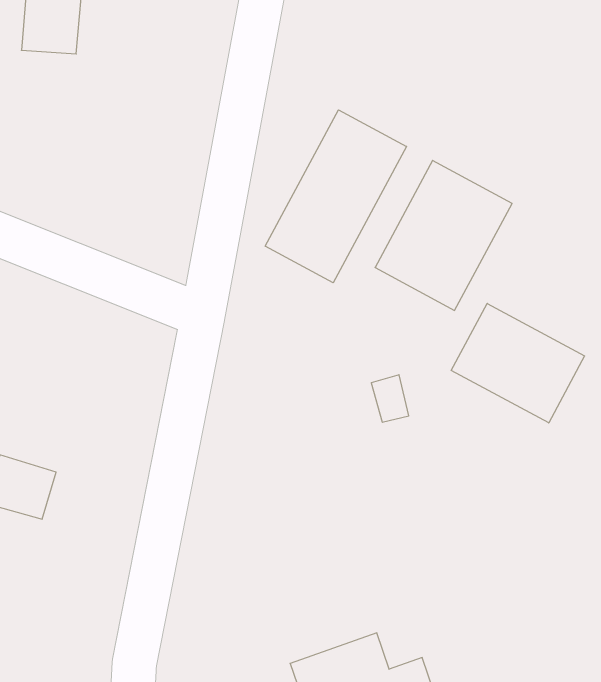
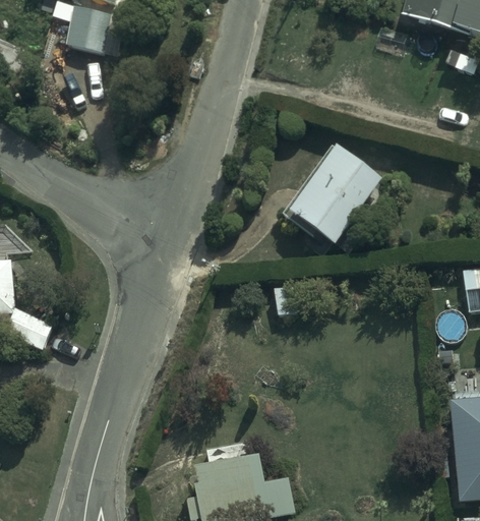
building: [265,110,407,283] -> none
building: [451,303,585,423] -> none

